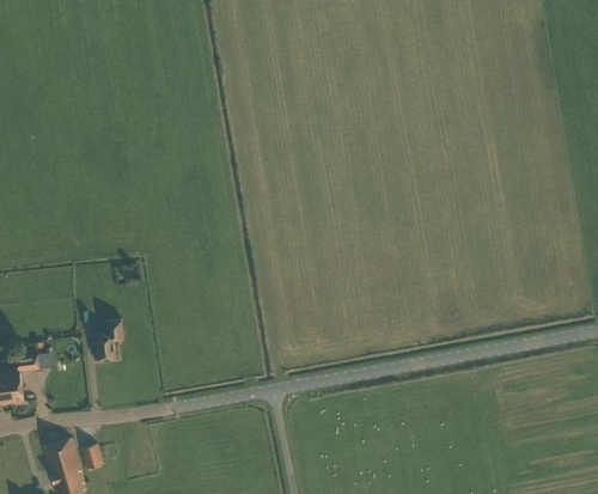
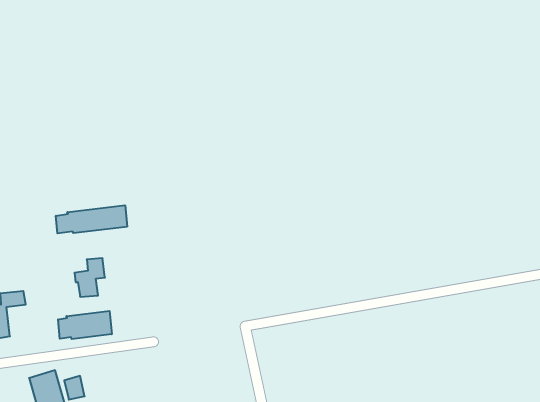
building: none -> [56,205,127,233]
building: none -> [58,311,112,339]

